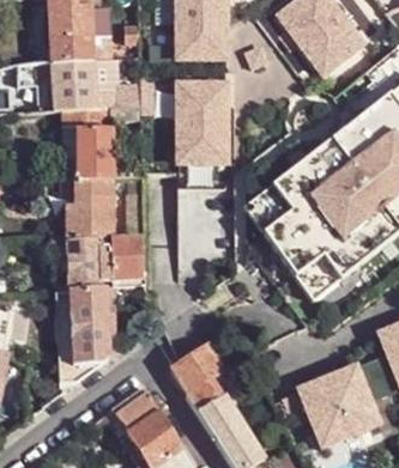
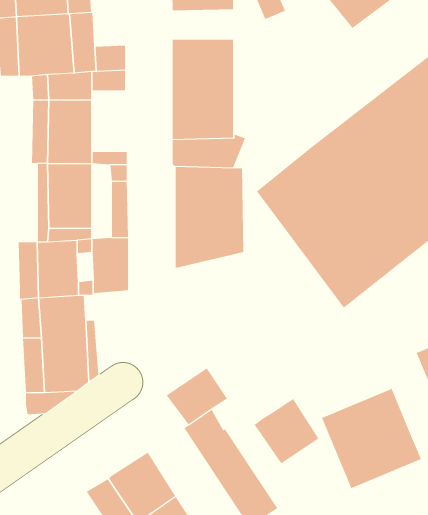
building: none -> [254,398,319,464]
building: [110,387,159,432] -> none

